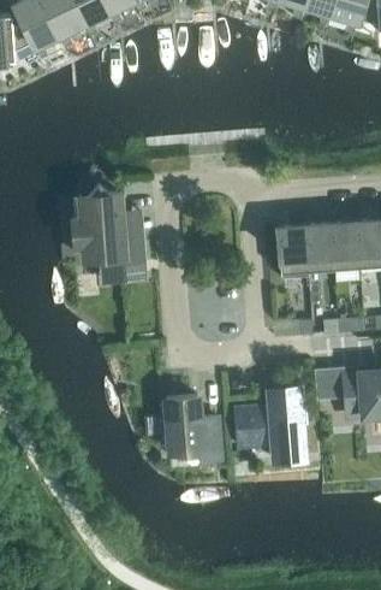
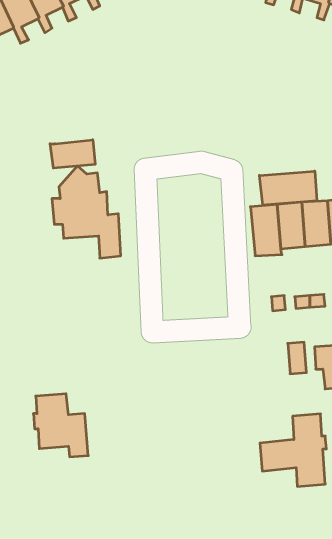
building: none -> [50,140,95,168]
building: none -> [259,171,317,205]
building: [236,385,304,460] -> [260,414,326,486]
building: [163,396,220,461] -> [33,394,88,457]

